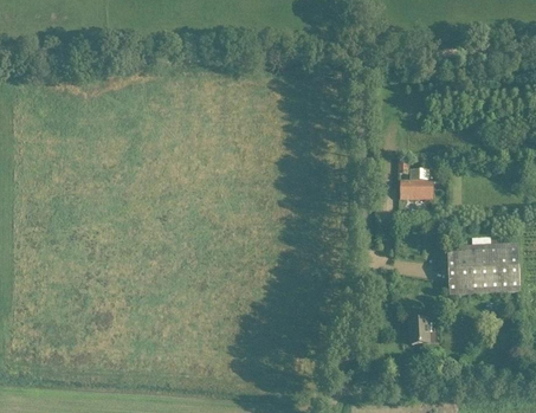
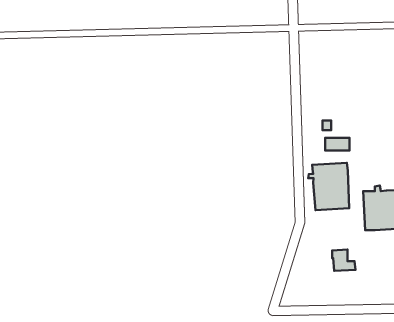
building: none -> [308,163,349,210]

